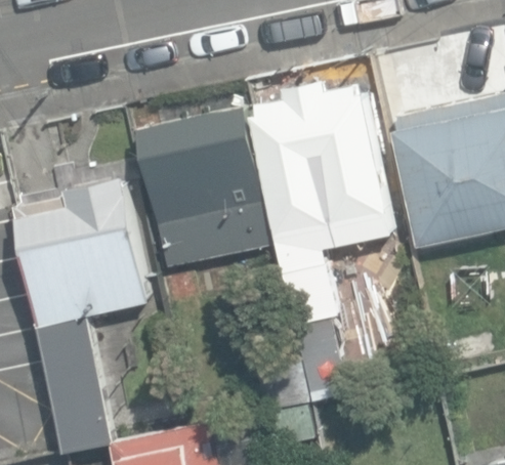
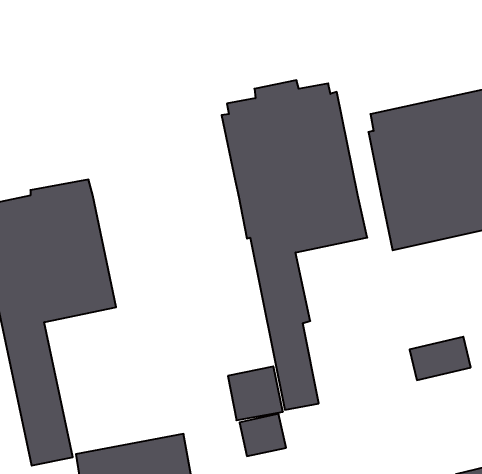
building: [137,104,276,268] -> none

